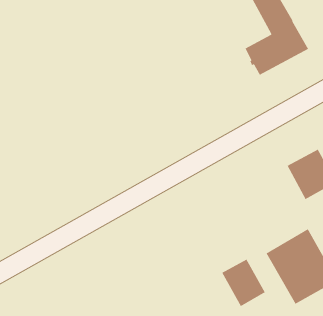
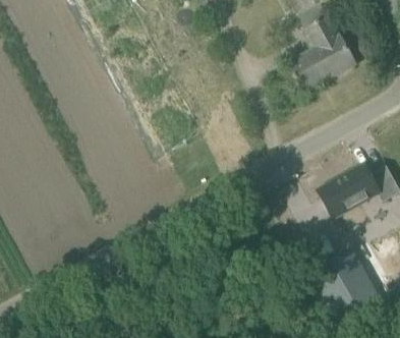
building: [221,258,266,307] -> none

